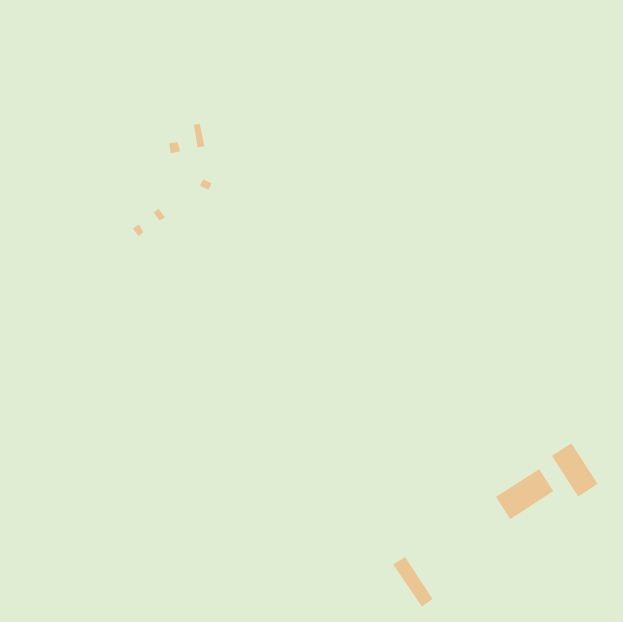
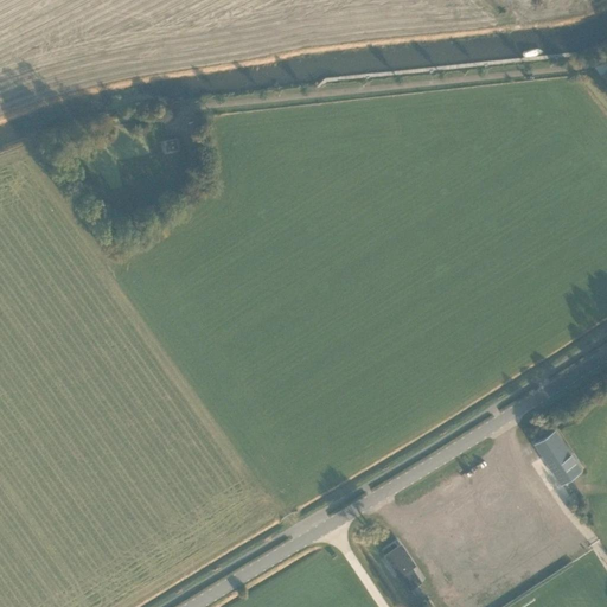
building: [495,468,554,520] -> none

